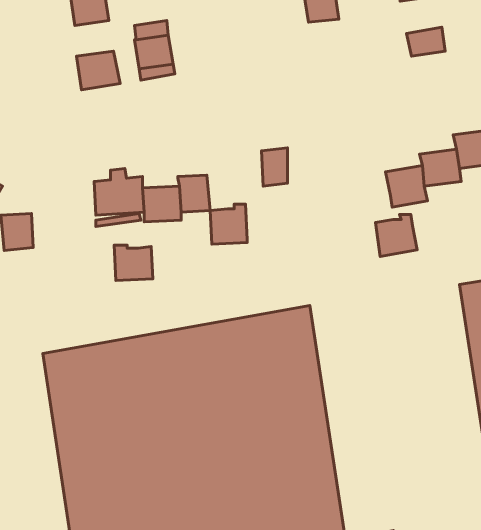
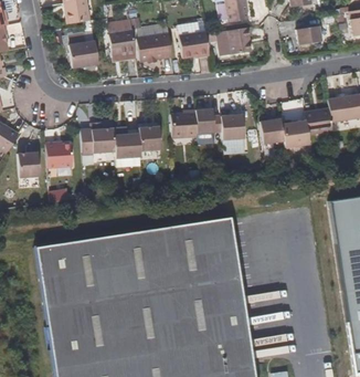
building: none -> [226,27,252,54]
building: none -> [179,31,208,57]
building: none -> [137,33,172,61]
building: none -> [221,112,244,139]
building: [210,204,247,244] -> [171,109,197,137]
building: [375,215,417,256] -> [255,116,284,145]
building: [114,245,153,280] -> [45,143,72,167]

